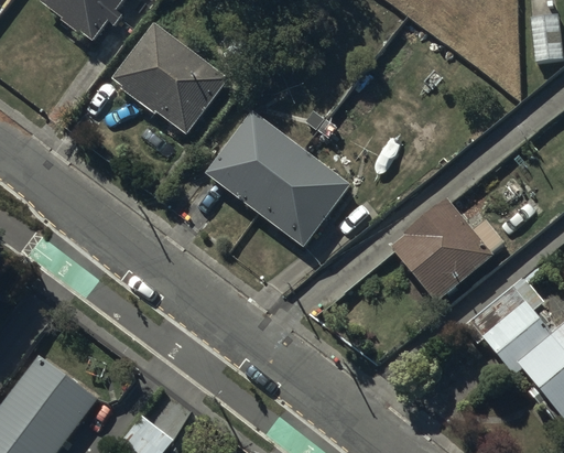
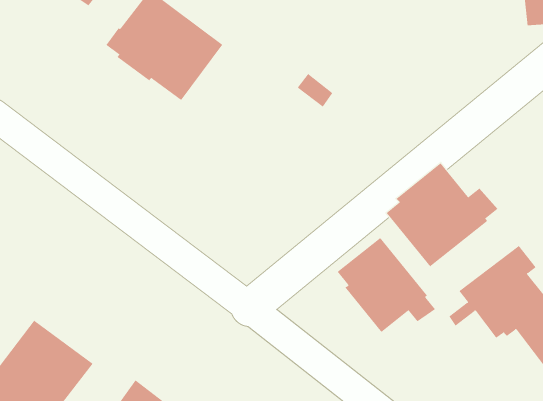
building: [208,112,348,245] -> none
building: none -> [337,237,436,333]

